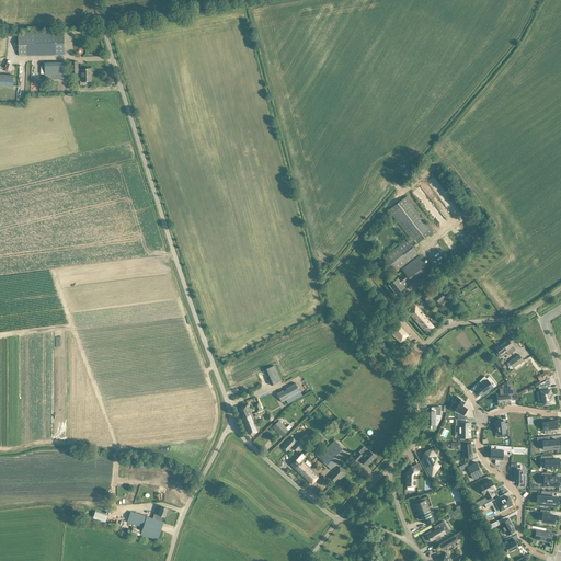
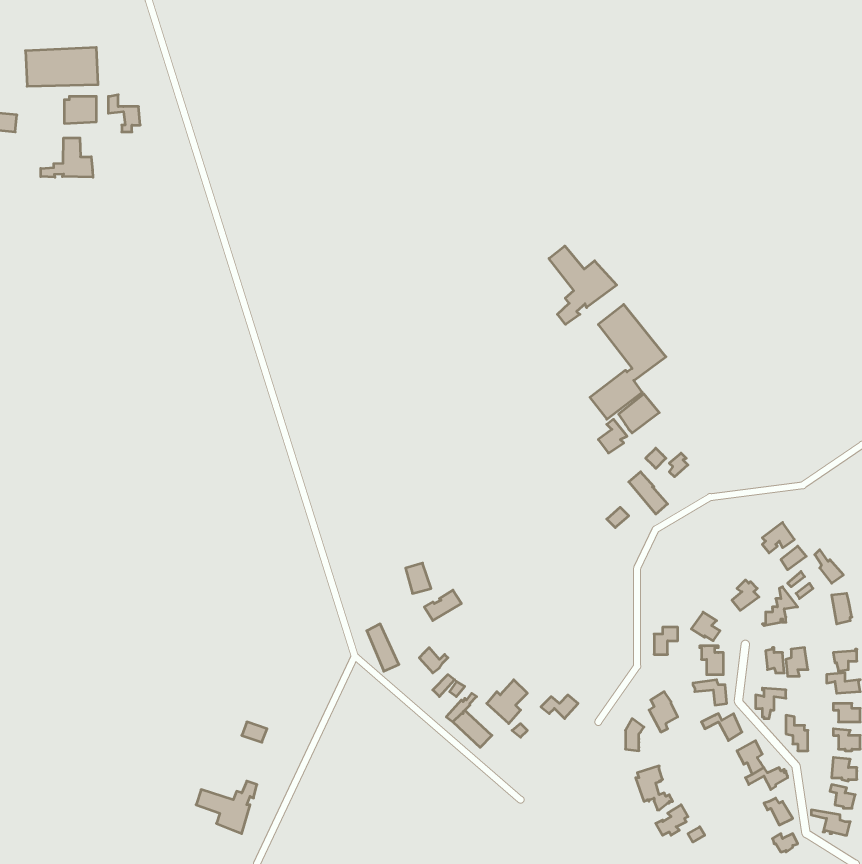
building: none -> [41,138,93,177]
building: none -> [549,246,617,324]

